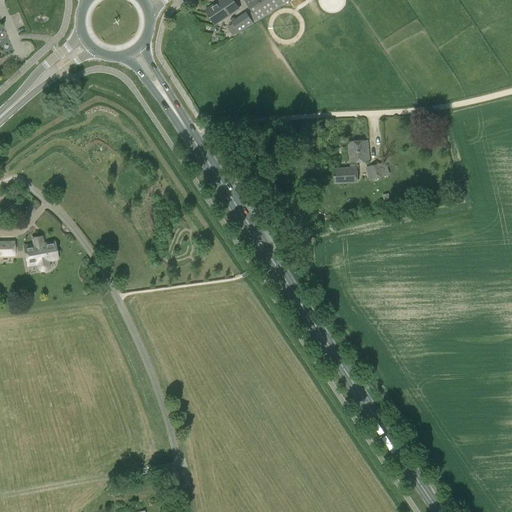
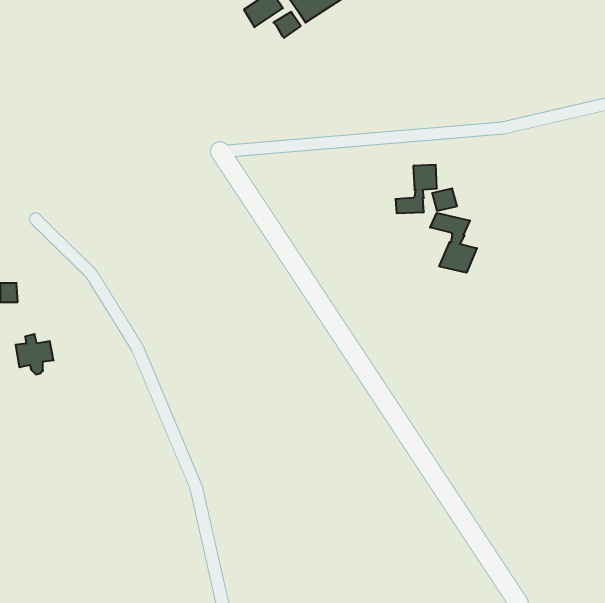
building: none -> [430,213,477,273]
building: [25,235,57,269] -> [16,334,54,374]

